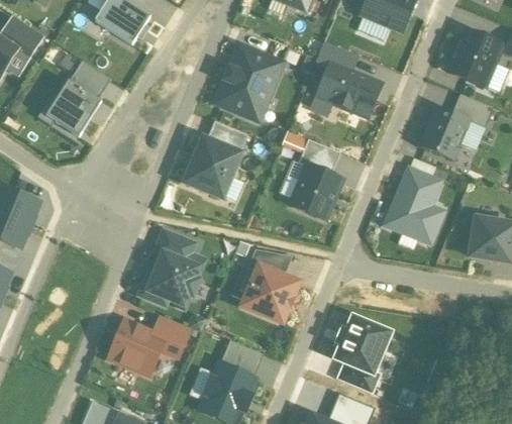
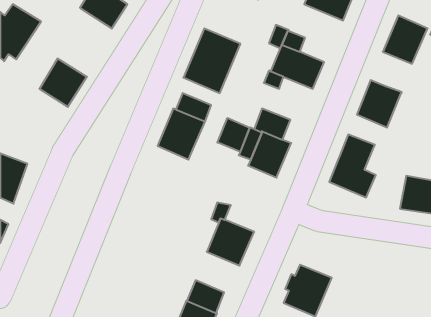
building: [68,59,110,98] -> none
building: [451,92,493,126] -> none
building: none -> [217,118,250,152]
building: [142,231,205,317] -> none
building: [112,317,190,377] -> none

